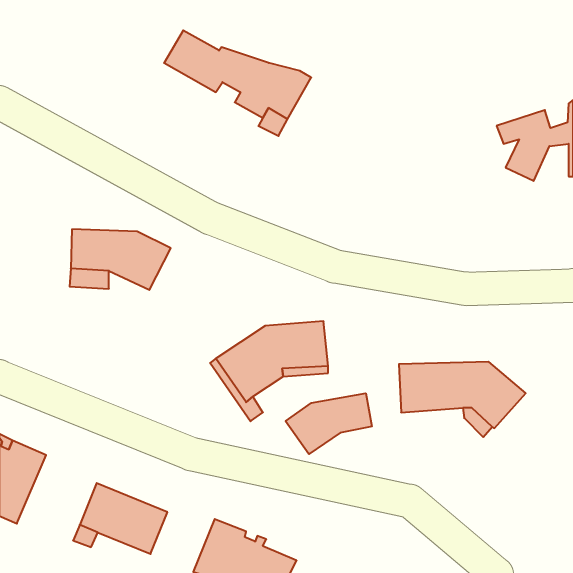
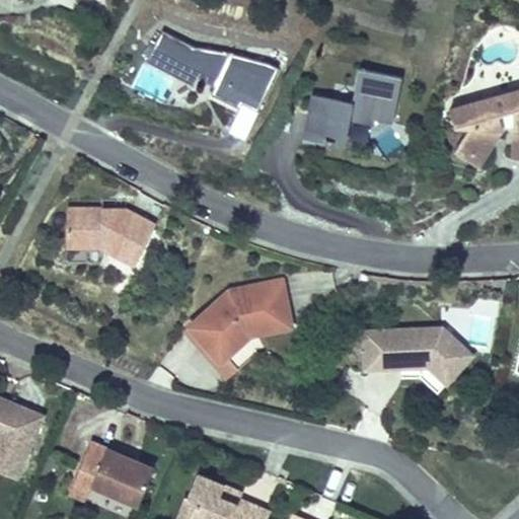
building: none -> [300,71,399,150]
building: [286,393,372,454] -> none

